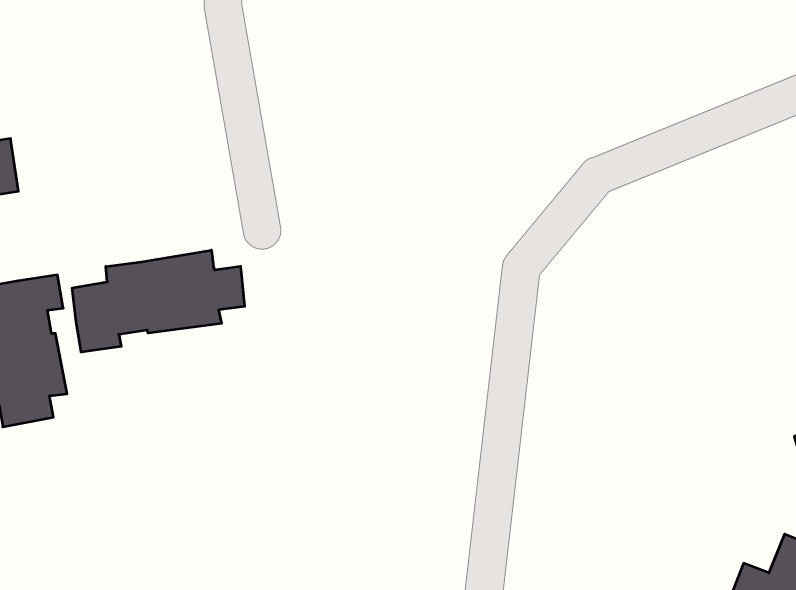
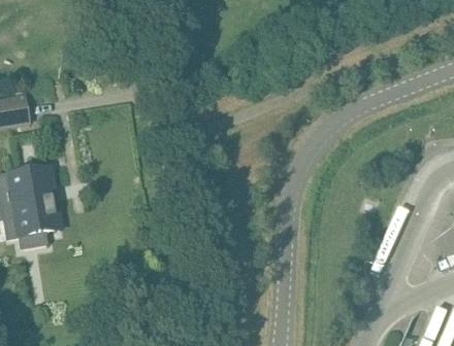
building: [72,250,245,352] -> none

